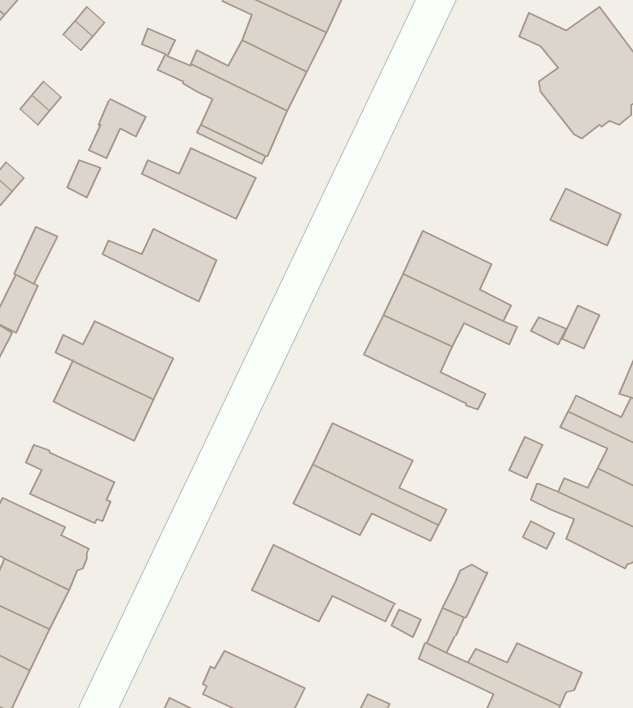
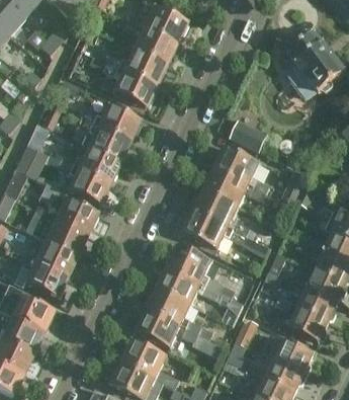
building: none -> [77,116,129,161]
building: [550,189,621,245] -> [232,121,268,150]
building: none -> [57,158,110,204]
building: none -> [185,210,248,250]
building: none -> [33,238,77,275]
building: none -> [149,287,214,338]
building: none -> [289,305,330,341]
building: none -> [262,333,315,374]
building: none -> [123,339,181,388]

